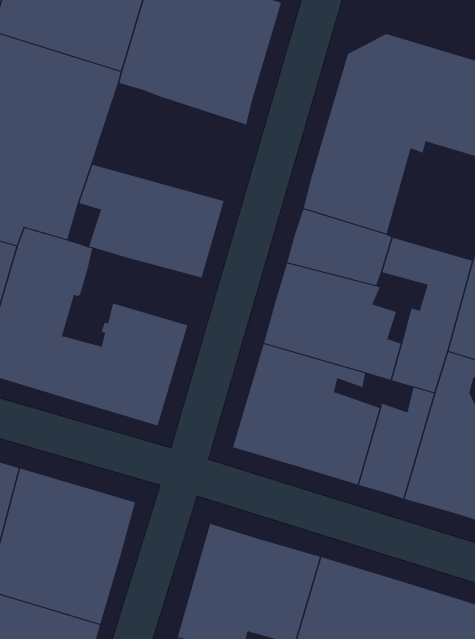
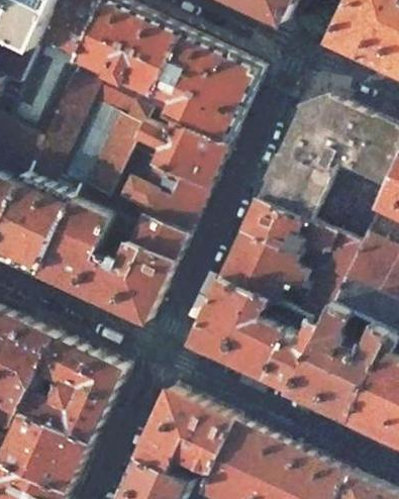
building: none -> [125,106,226,190]
building: none -> [106,216,184,265]

